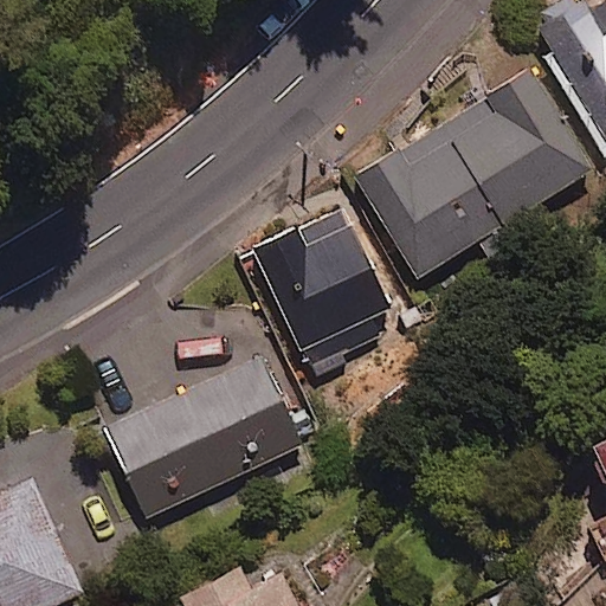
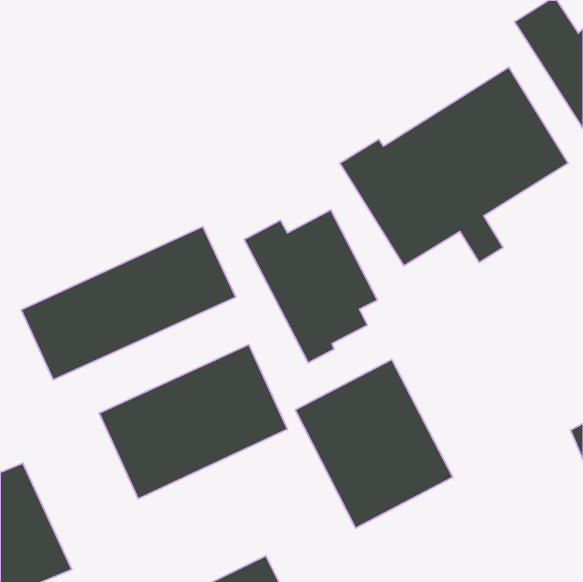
building: none -> [21,227,236,380]
building: none -> [295,360,453,528]

